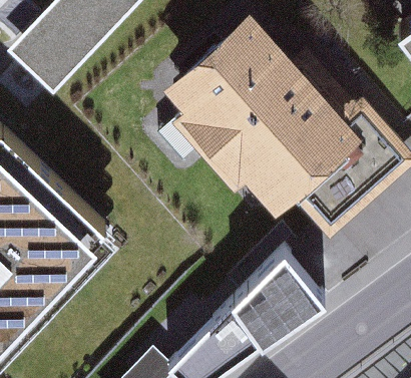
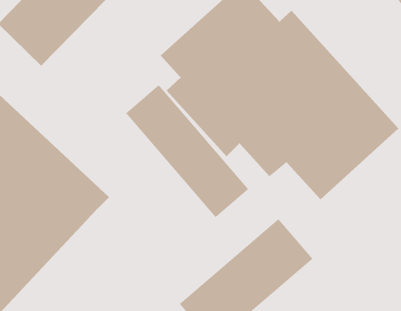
building: none -> [125,84,249,218]

